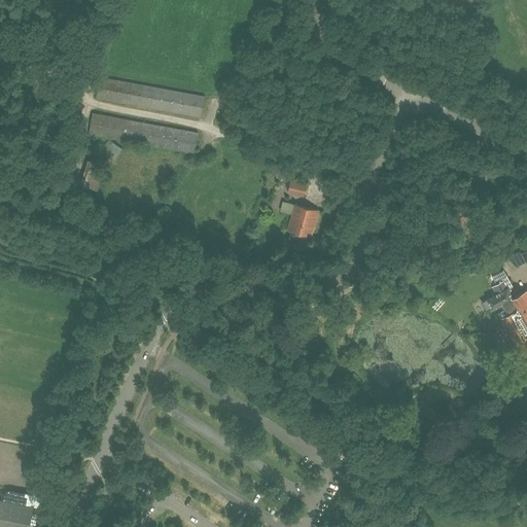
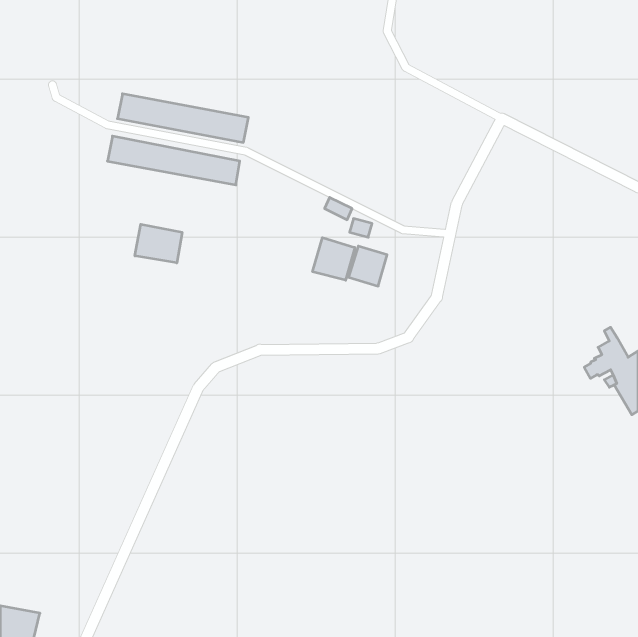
building: none -> [135,224,182,263]
building: none -> [313,238,355,280]

